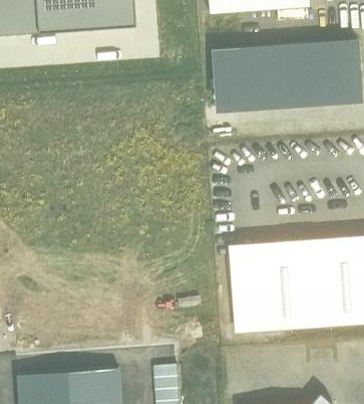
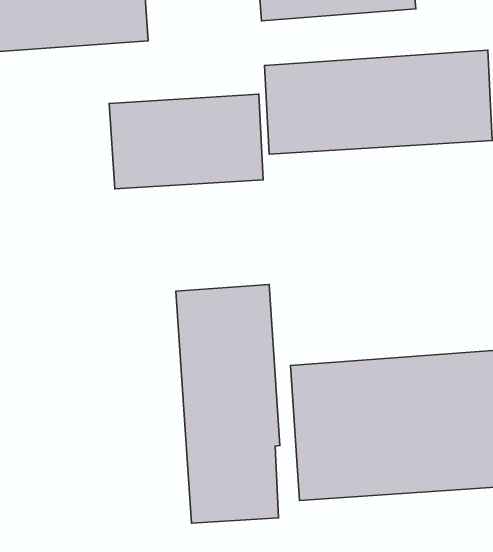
building: none -> [109,94,263,189]
building: none -> [176,285,280,523]

